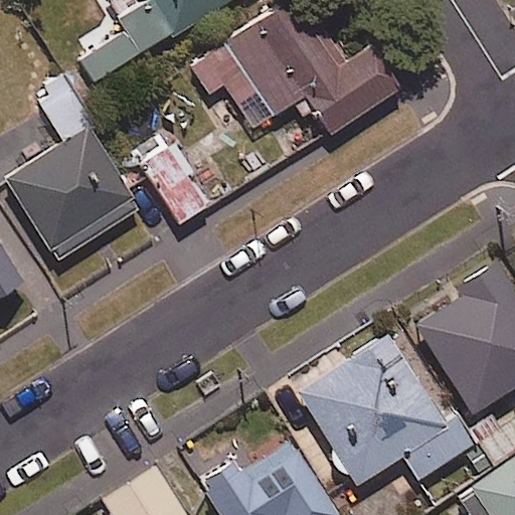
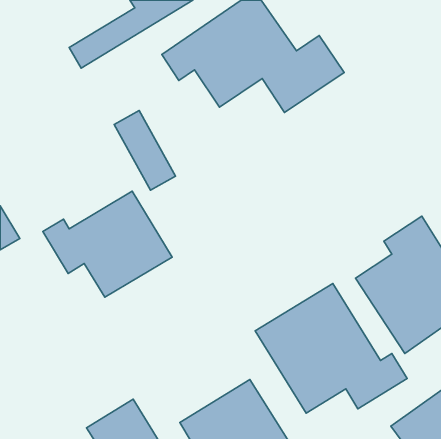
building: [9,79,139,259] -> none
building: none -> [43,191,172,297]

